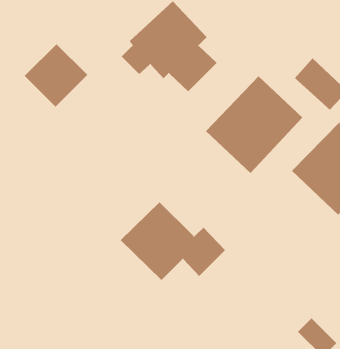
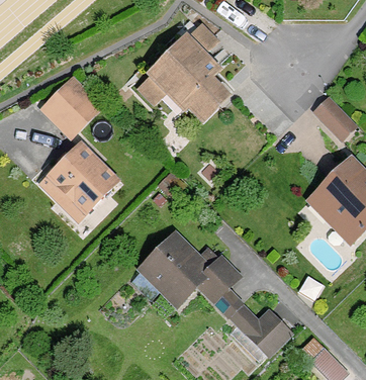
building: [205,76,303,174] -> none
building: none -> [38,138,121,222]
building: none -> [220,296,294,359]

